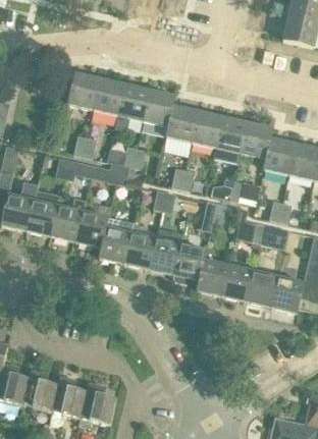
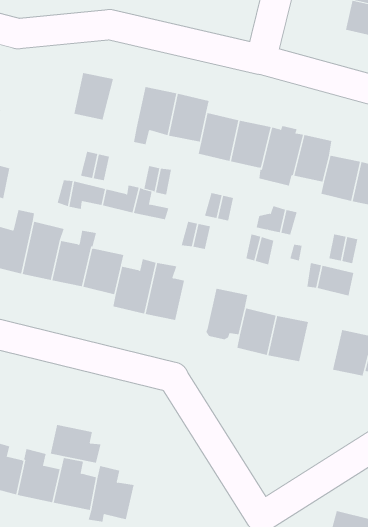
building: [92,77,124,116] -> none
building: [149,227,182,274] -> none
building: [247,269,279,307] -> none
building: none -> [50,424,101,464]

